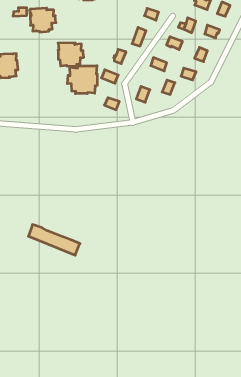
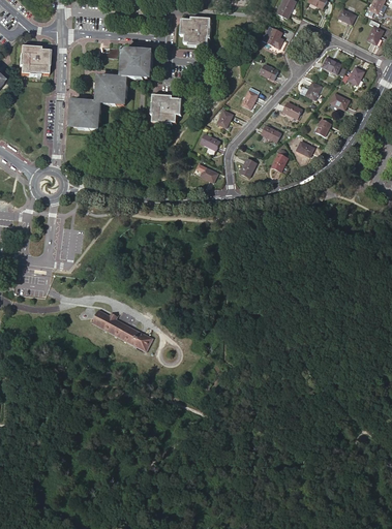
building: none -> [96,75,127,105]
building: [67,66,97,94] -> none

